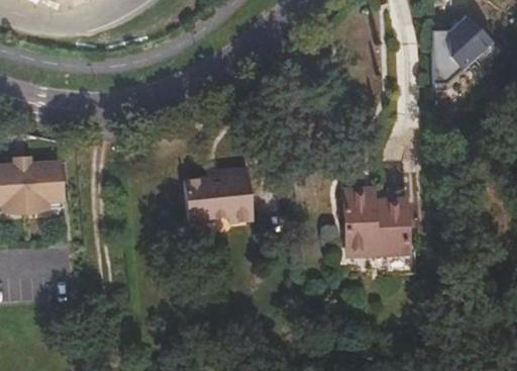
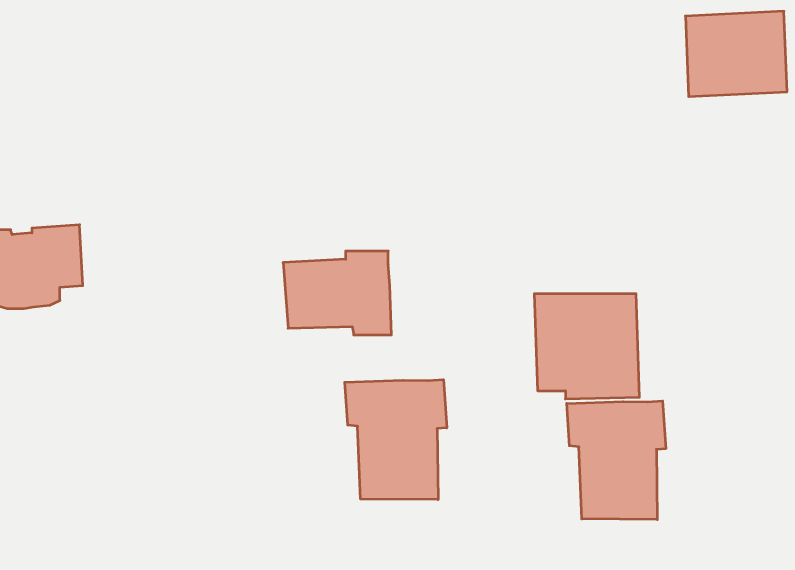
building: none -> [345,380,447,500]
building: none -> [567,401,666,520]

